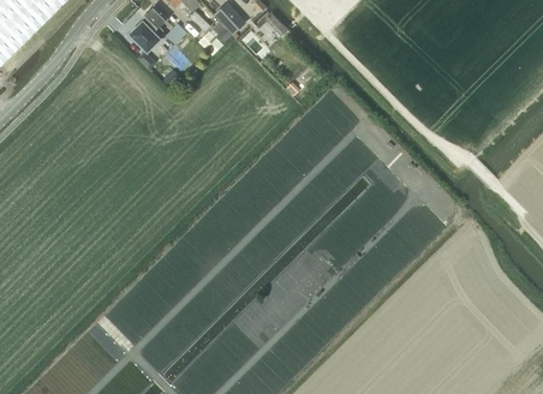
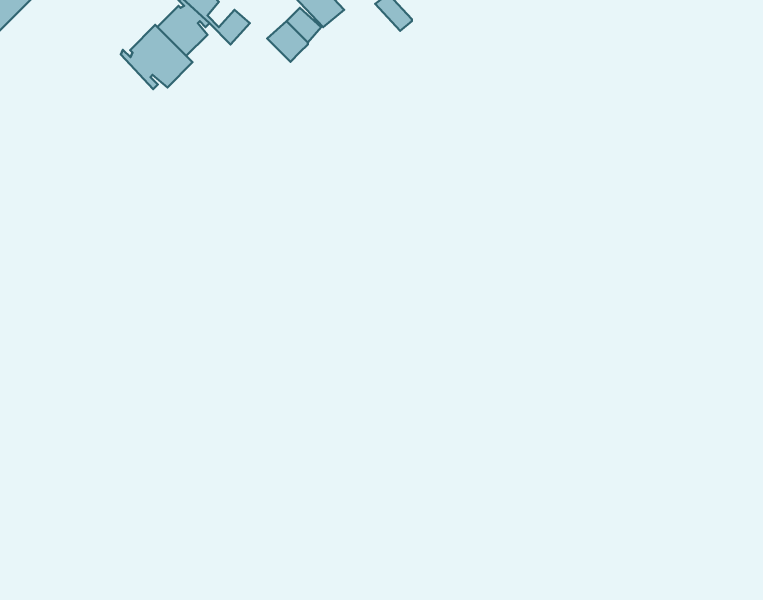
building: none -> [121,25,193,89]

